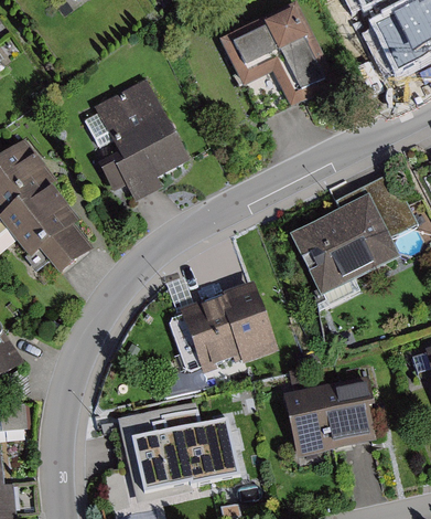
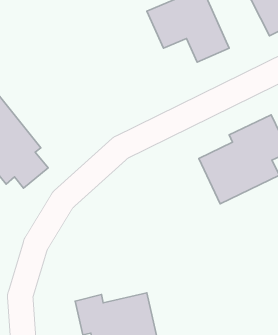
building: [96,83,185,200] -> none
building: [182,282,271,364] -> none
building: [288,378,371,453] -> none

